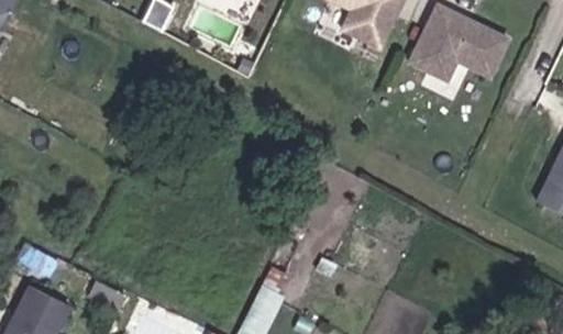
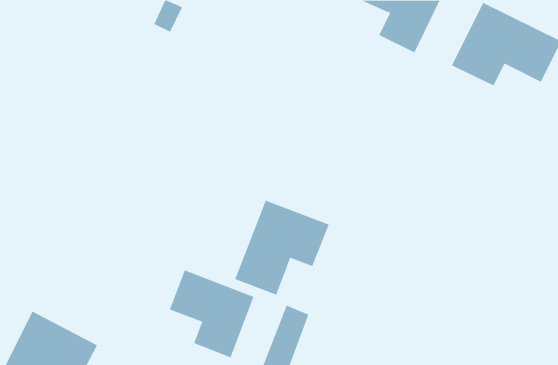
building: none -> [235,200,329,295]
building: none -> [169,270,254,358]

